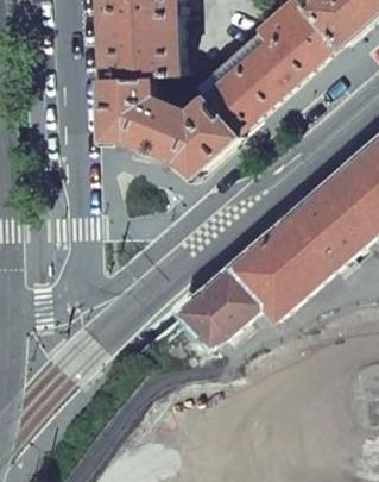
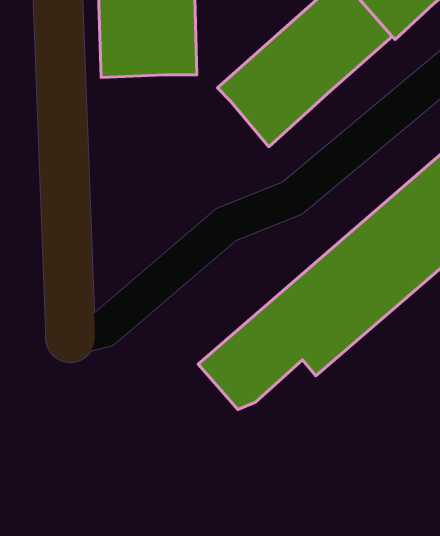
building: [101,76,239,176] -> none

